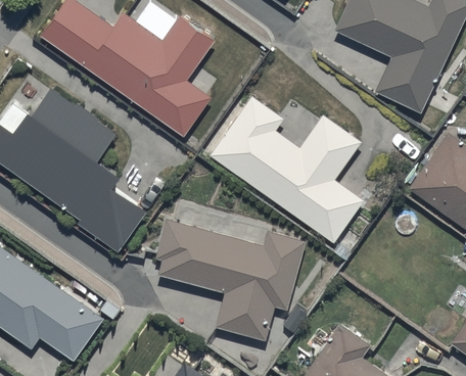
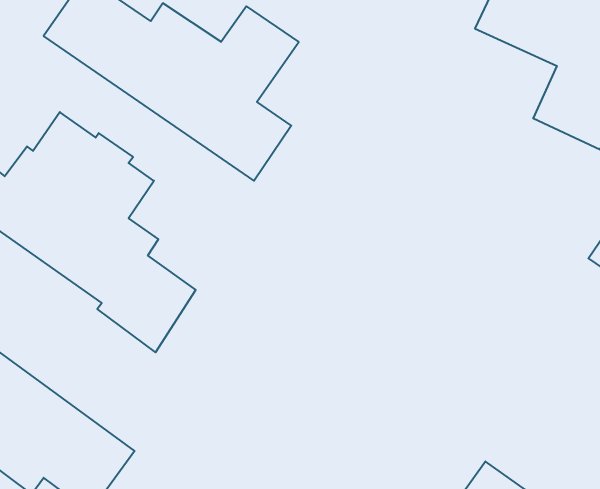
building: [209,97,363,243] -> none
building: [155,219,306,341] -> none

